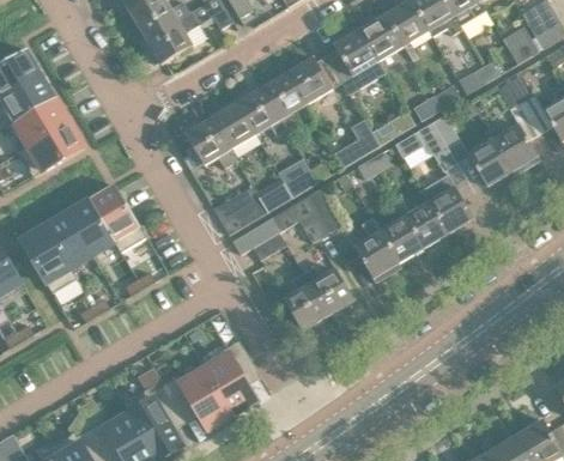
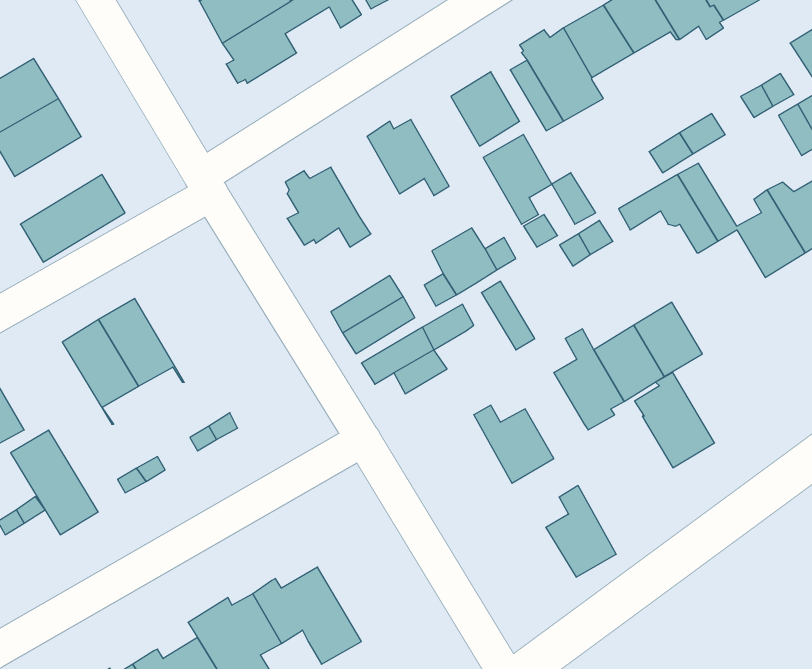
building: [263,73,307,129] -> [483,135,552,224]
building: [14,98,69,153] -> none
building: [213,98,256,148] -> none
building: [423,175,473,235] -> [635,372,715,468]
building: [90,186,146,253] -> none
building: [296,196,329,243] -> none
building: [20,228,75,293] -> [11,430,98,535]
building: [283,273,327,330] -> [546,486,616,577]
building: [205,340,257,415] -> none

